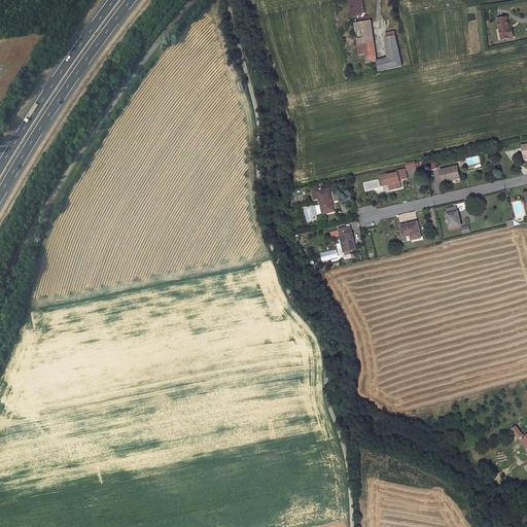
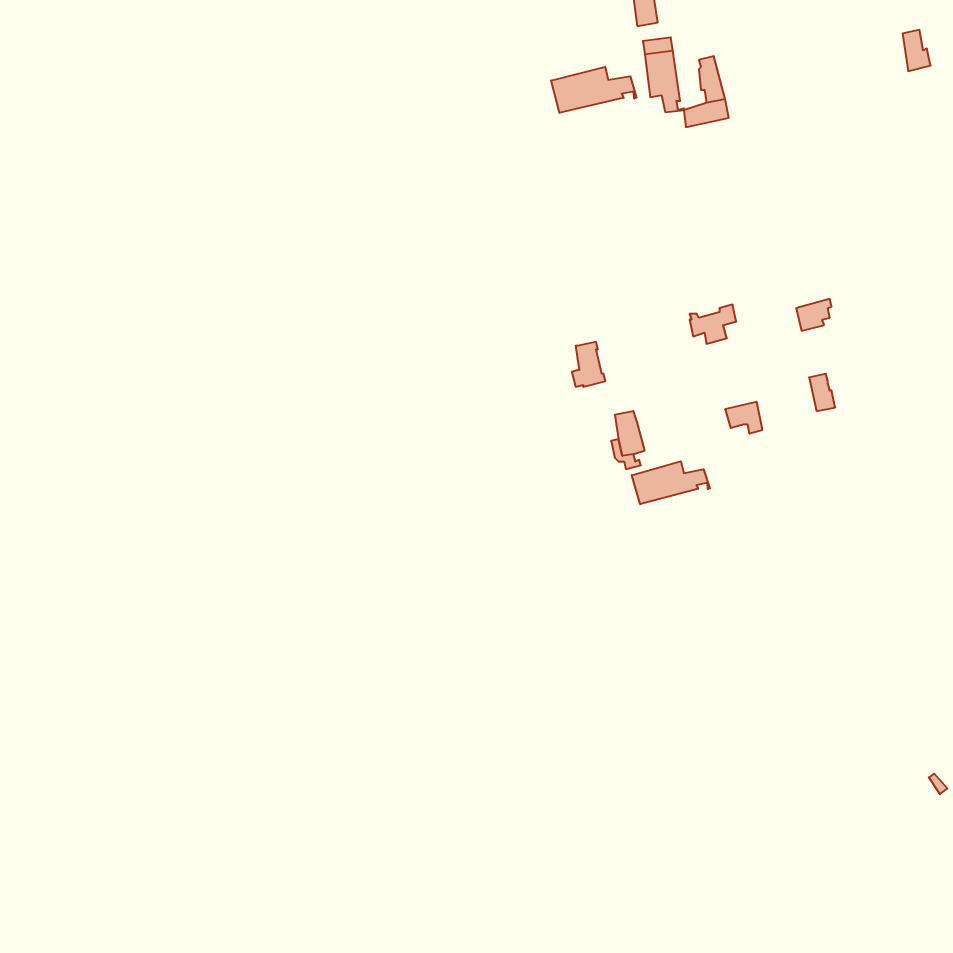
building: none -> [551,67,636,113]
building: none -> [632,461,710,504]

